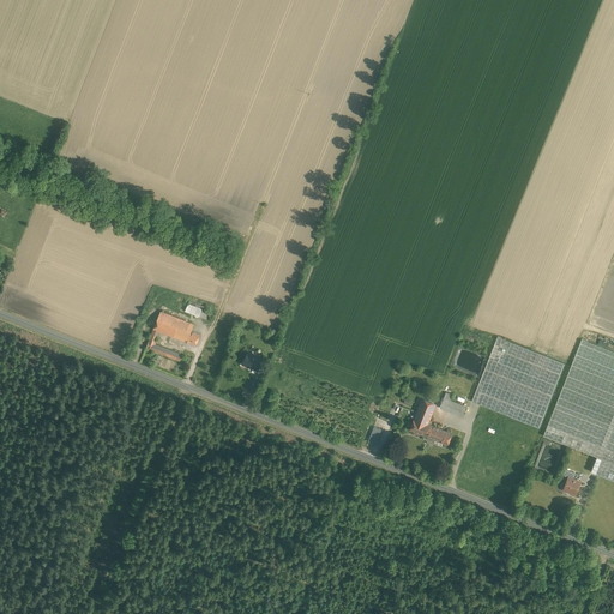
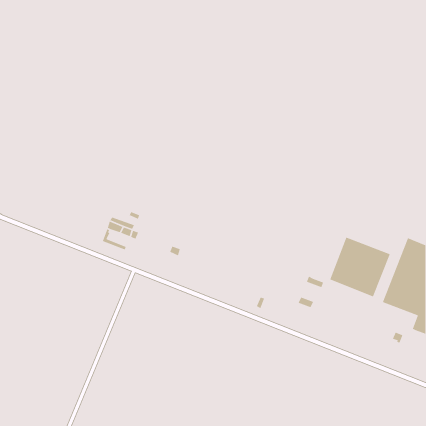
building: [410,398,434,435] -> none

